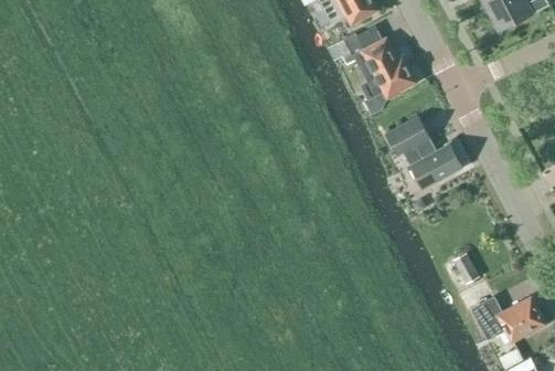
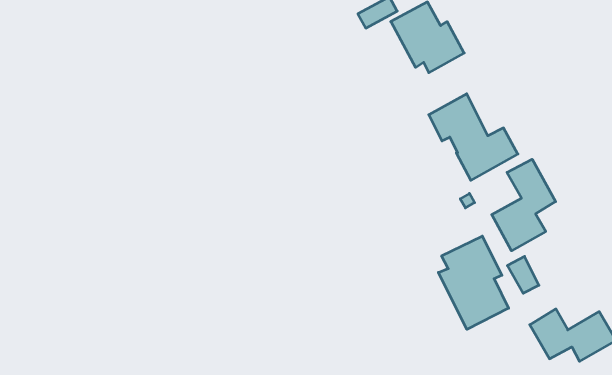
building: none -> [492,159,556,251]
building: none -> [438,236,509,329]

